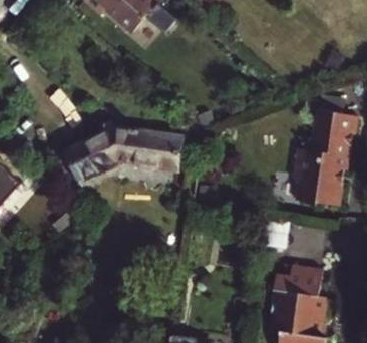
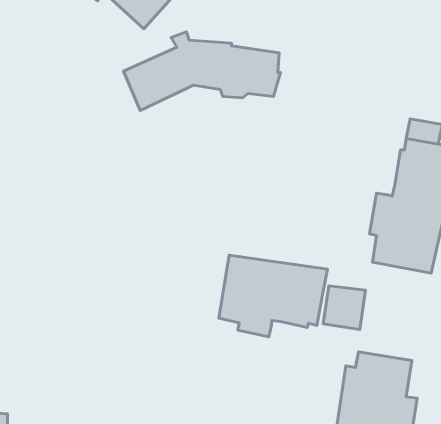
building: [67,124,179,181] -> [123,32,280,110]
building: none -> [219,255,328,337]

